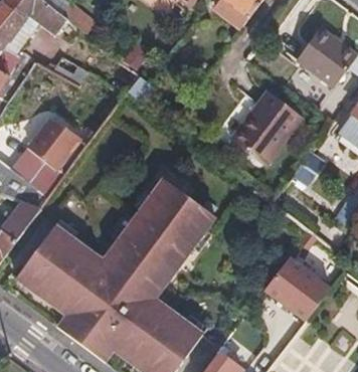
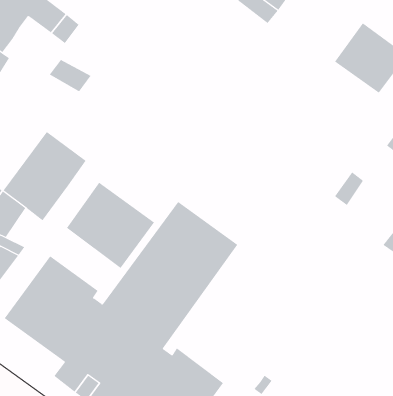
building: [230,89,303,166] -> none
building: none -> [66,182,155,269]
building: [265,255,331,320] -> none

